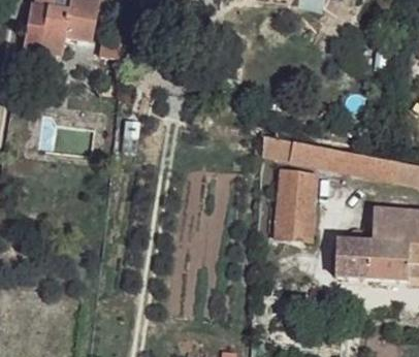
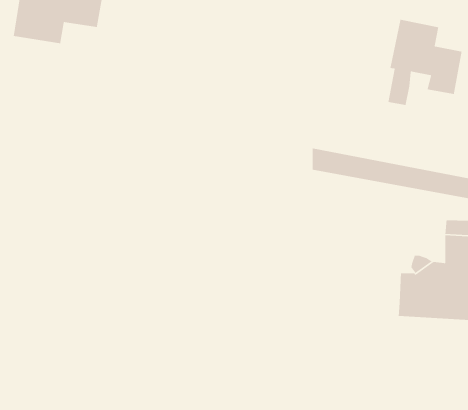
building: none -> [387,19,462,106]
building: [278,171,317,240] -> none

